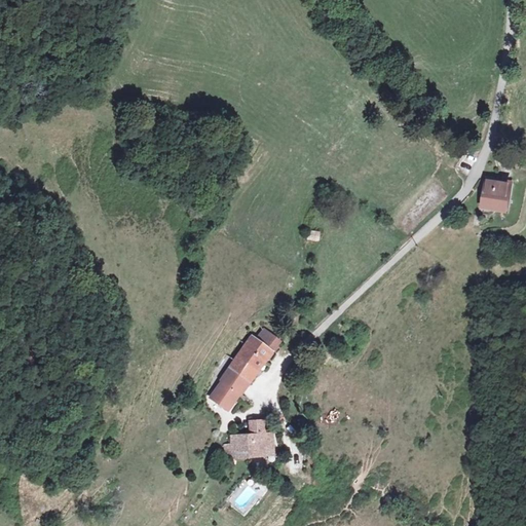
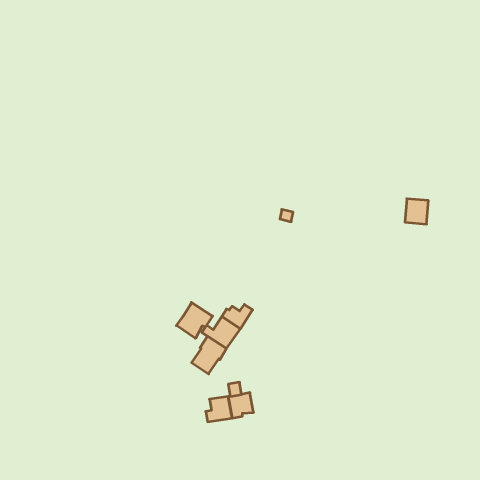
building: [486,181,512,209] -> [405,199,428,224]
building: none -> [176,302,213,338]

